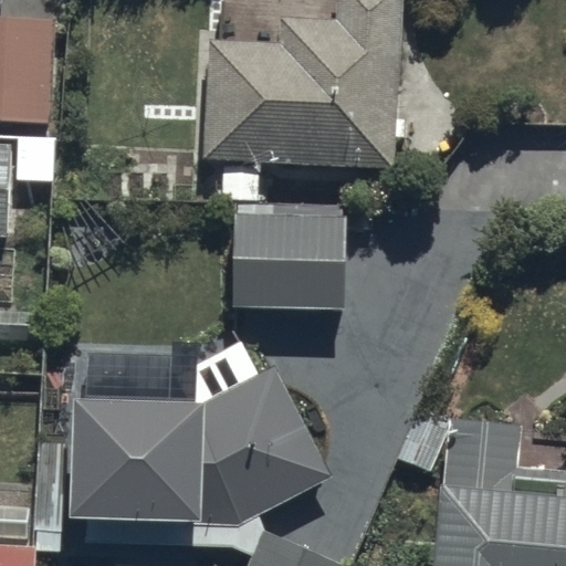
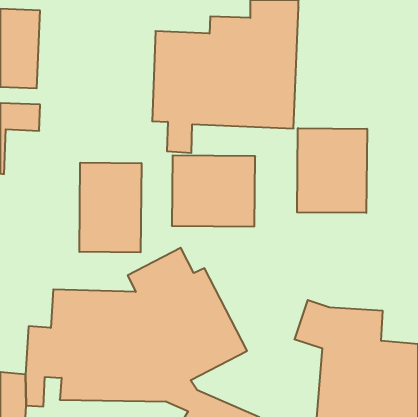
building: none -> [297,128,367,213]
building: none -> [79,163,141,252]

